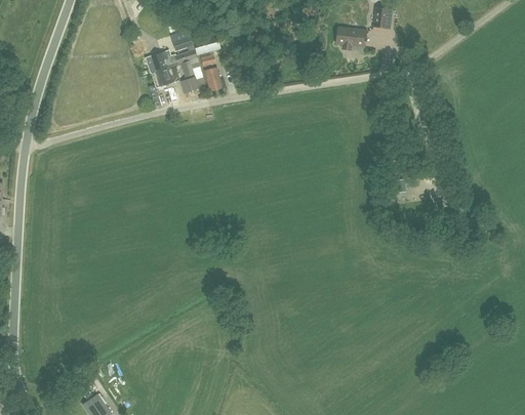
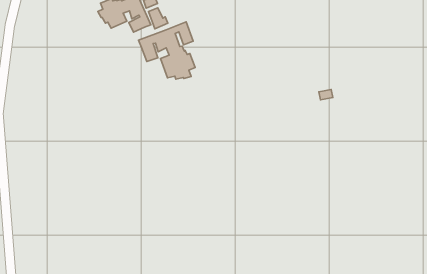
building: none -> [139,22,195,79]

